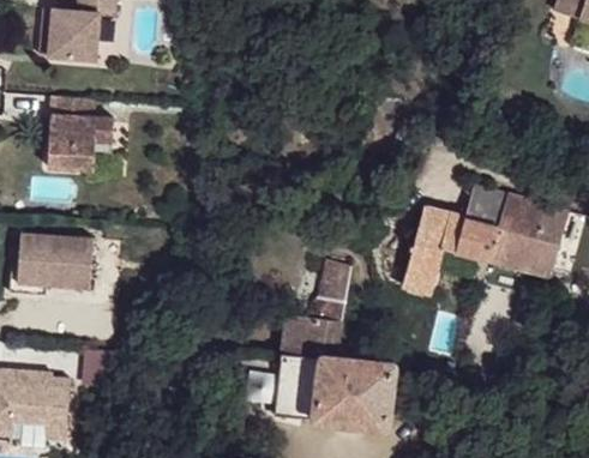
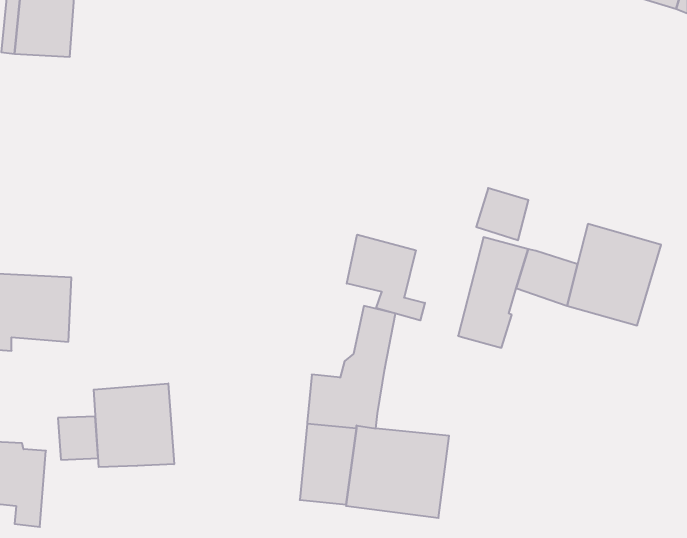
building: [44,95,110,176] -> none
building: [465,183,507,225] -> [476,188,528,240]
building: none -> [347,235,425,320]
building: none -> [94,383,174,467]

